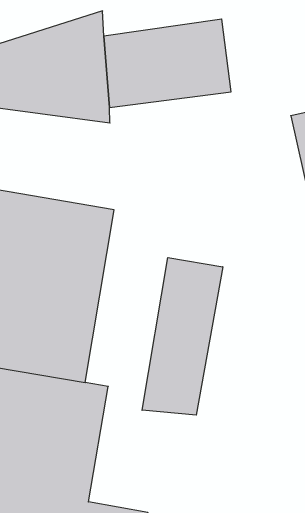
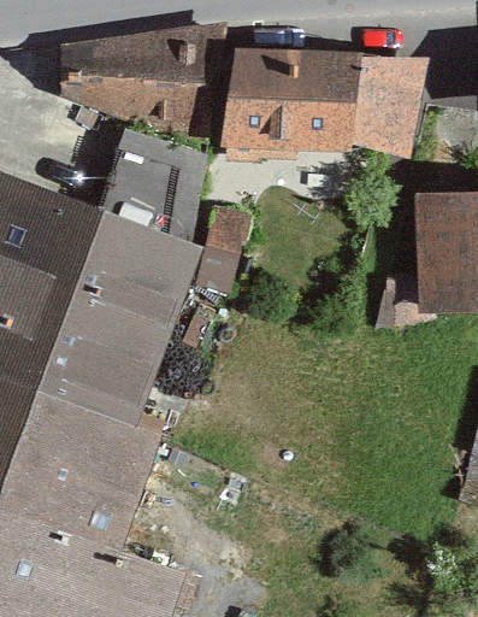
building: none -> [348,63,427,165]
building: [142,258,223,415] -> none

